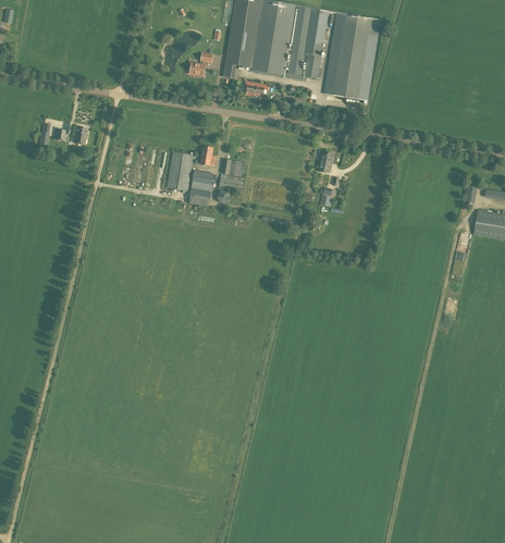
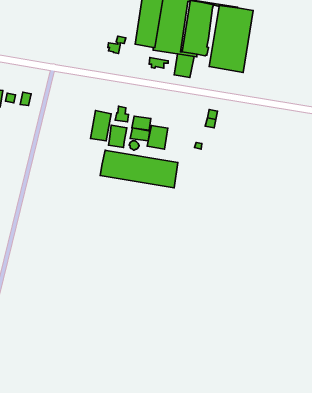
building: none -> [174,54,194,77]
building: none -> [147,125,168,149]
building: none -> [100,150,178,188]

